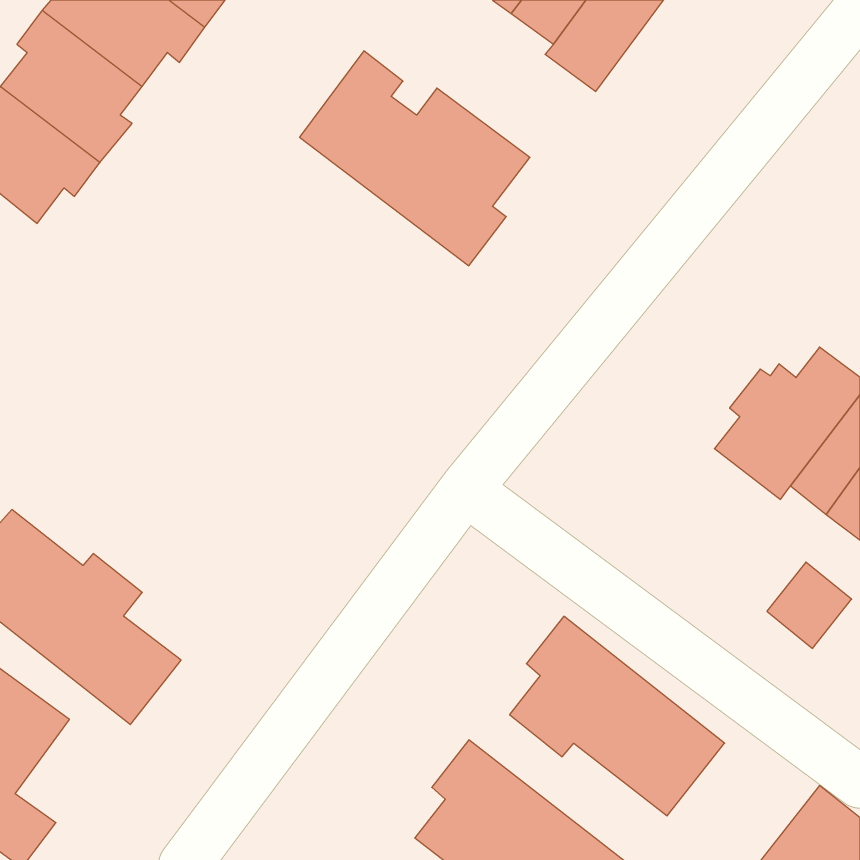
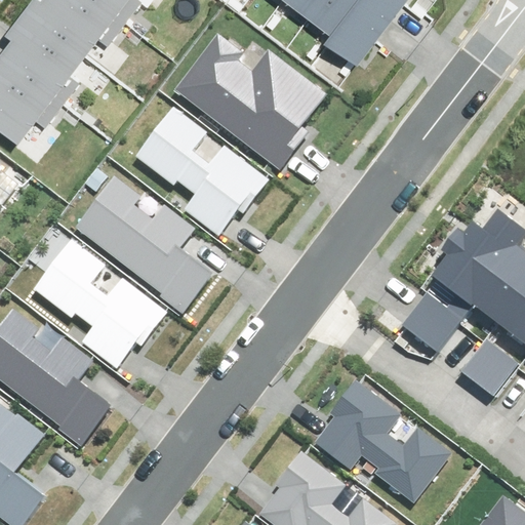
building: none -> [137,98,271,229]
building: none -> [76,172,228,319]
building: none -> [29,235,170,370]
building: none -> [402,294,460,352]

